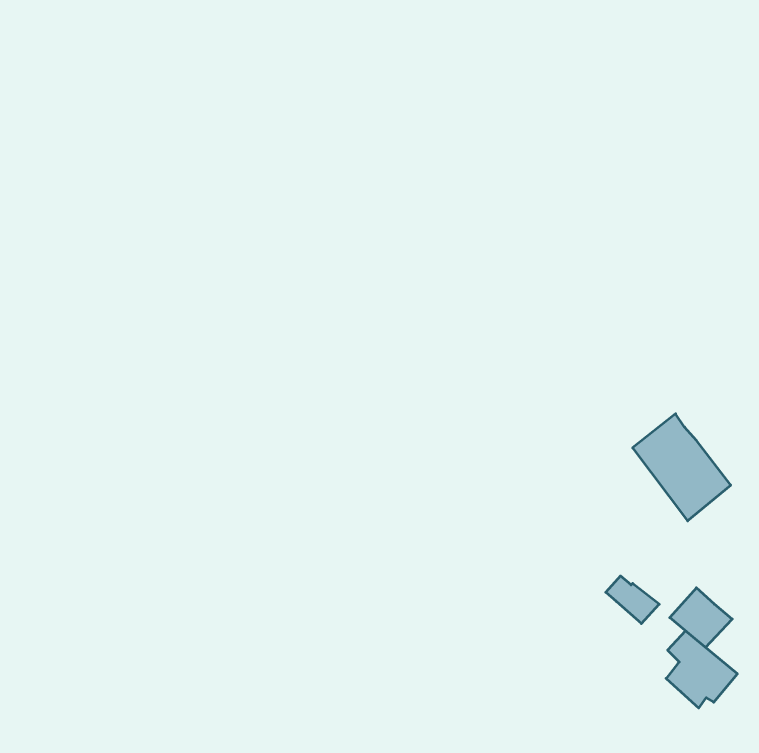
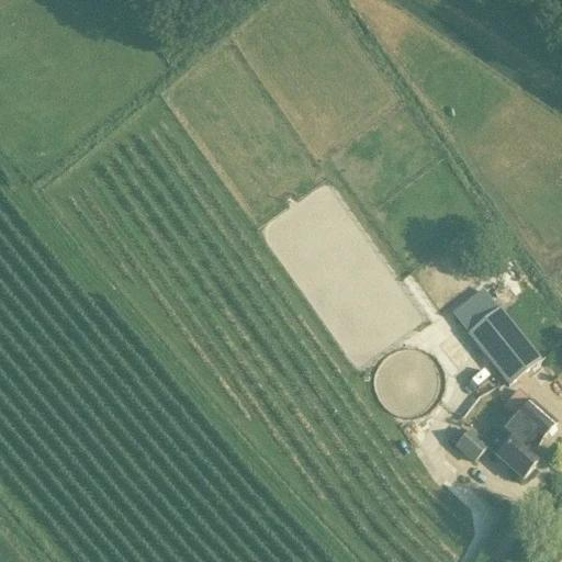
building: none -> [452,289,498,330]
building: [666,631,737,708] -> [503,389,555,446]

